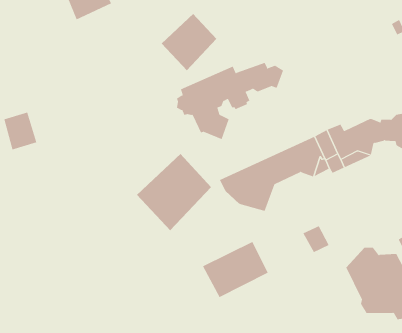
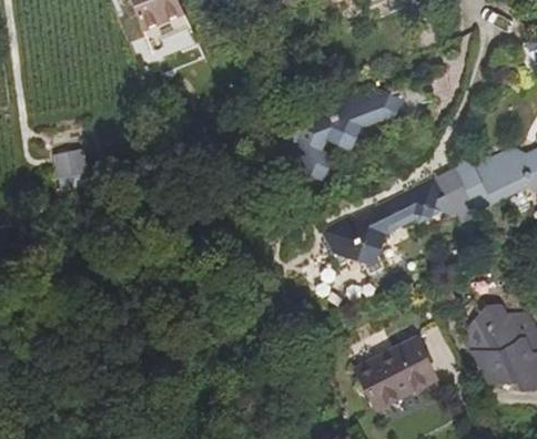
building: [161,13,217,71] -> none
building: [136,153,212,231] -> none
building: [202,241,269,298] -> [349,337,428,405]

